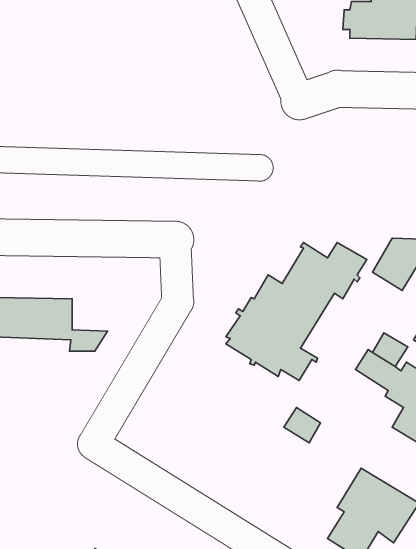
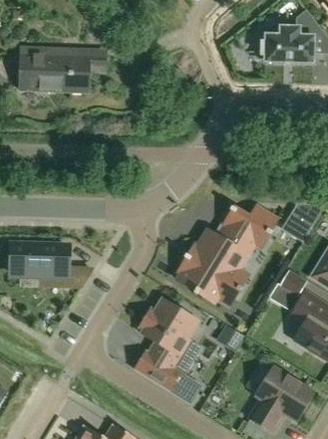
building: none -> [20,47,107,89]
building: none -> [135,298,202,402]

